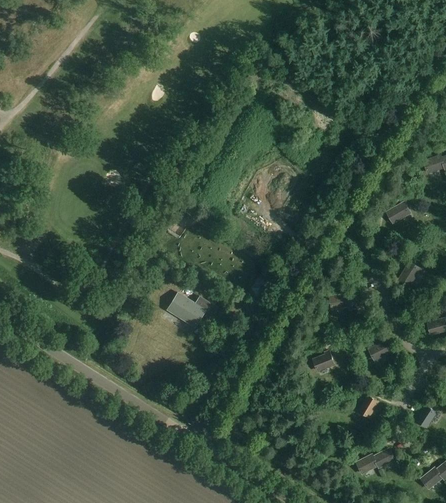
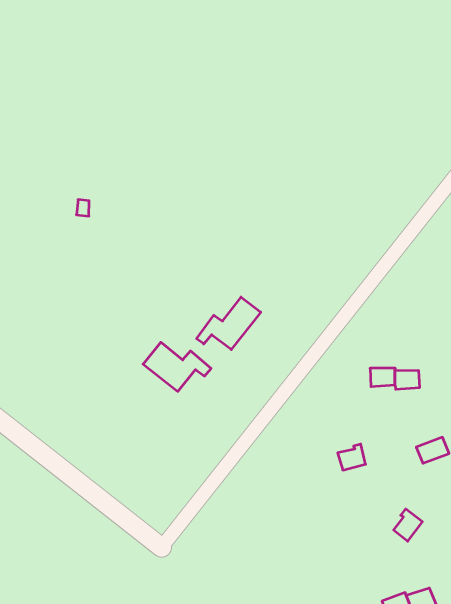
building: none -> [197,297,261,350]

